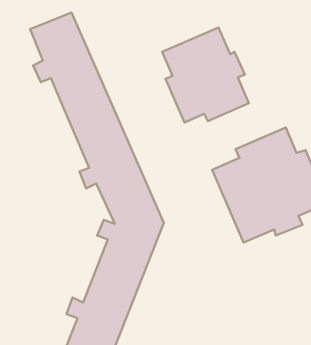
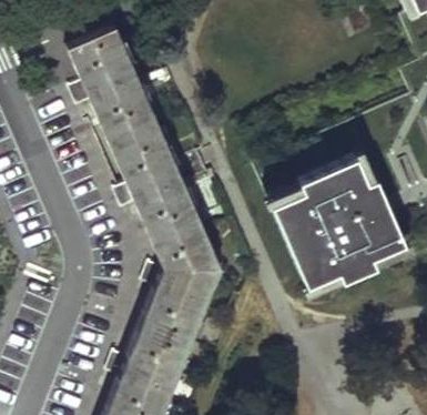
building: [162,28,249,122] -> none

